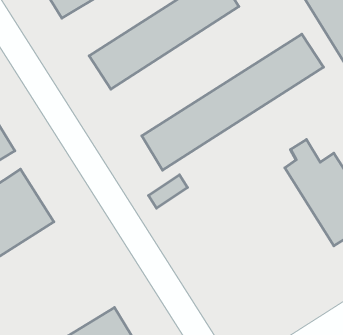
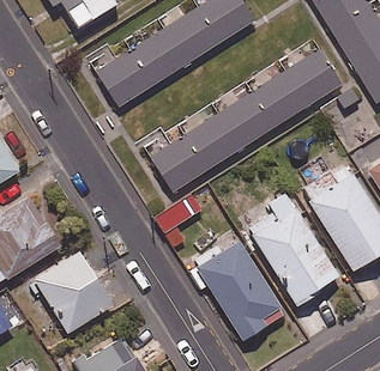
building: none -> [241,191,338,304]
building: none -> [197,239,284,339]
building: none -> [34,251,111,333]

